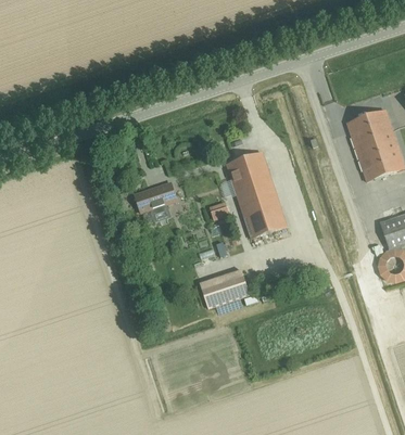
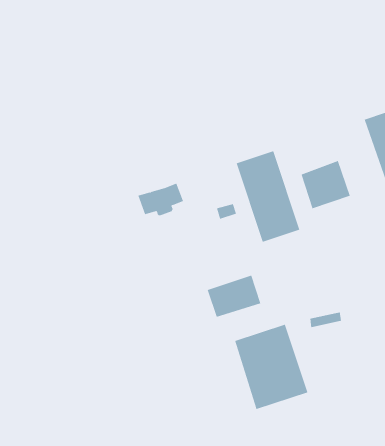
building: none -> [301,160,351,209]
building: none -> [234,324,308,410]

